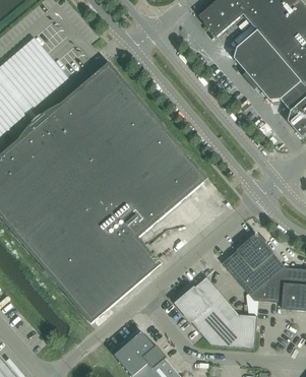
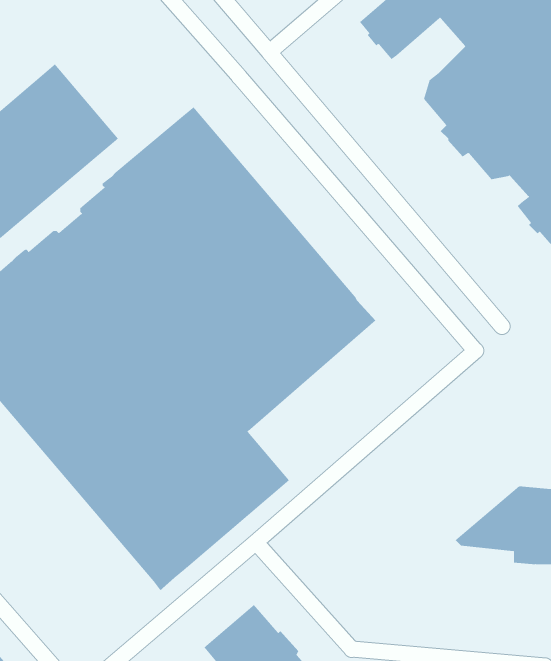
building: [223,233,286,296] -> none
building: [175,275,257,348] -> none

